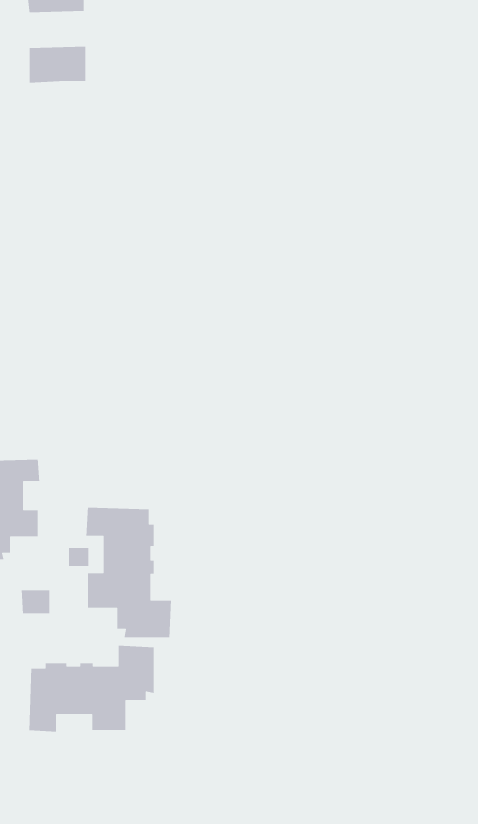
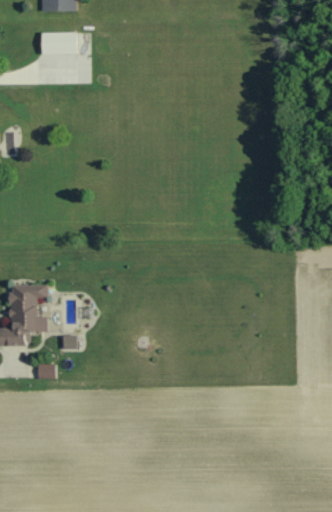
building: [85,507,172,638] -> none
building: [28,645,155,732] -> none

